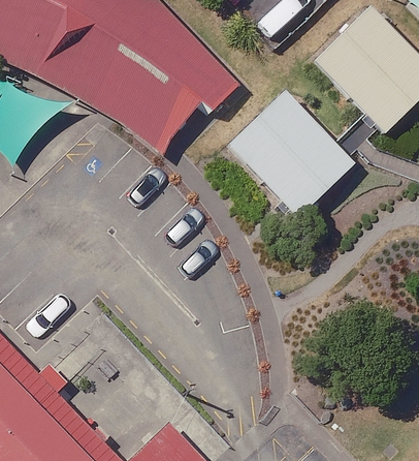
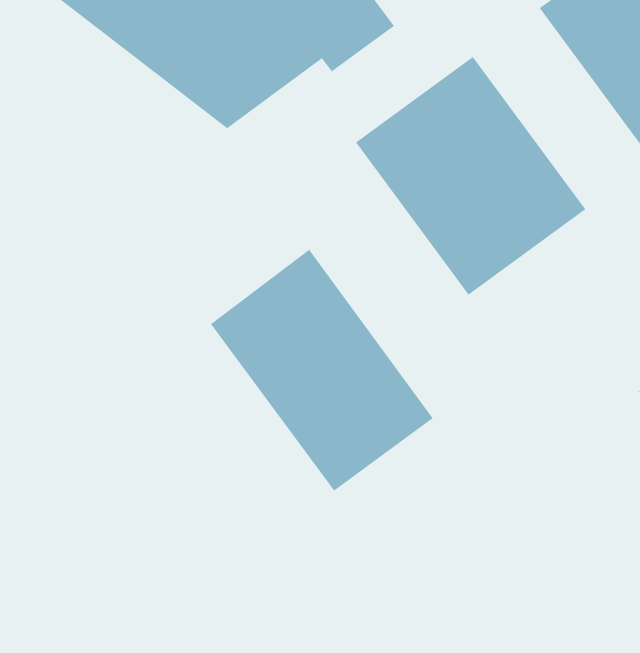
building: none -> [210,249,433,491]

